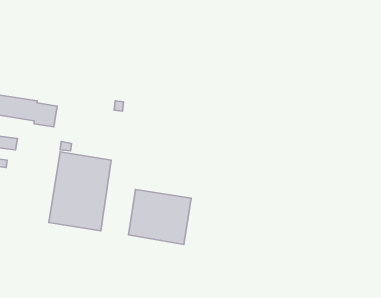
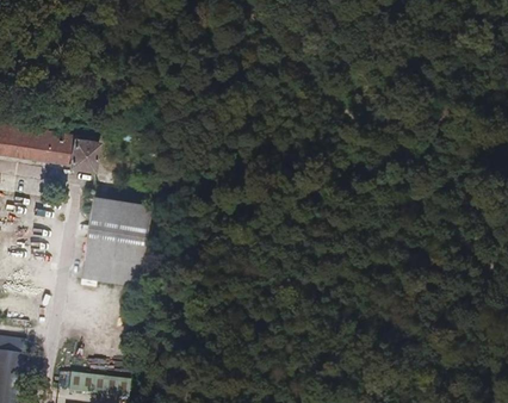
building: [128,190,191,245] -> none

